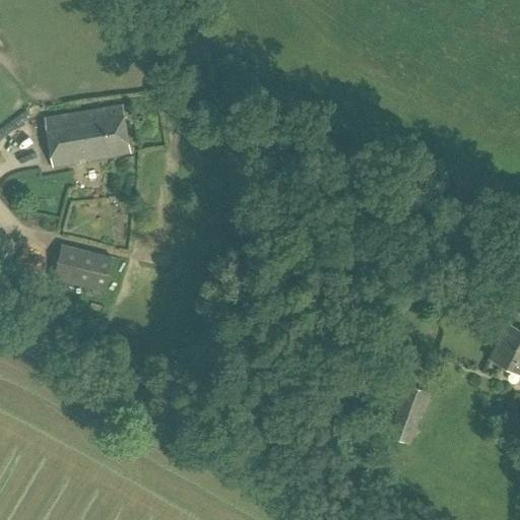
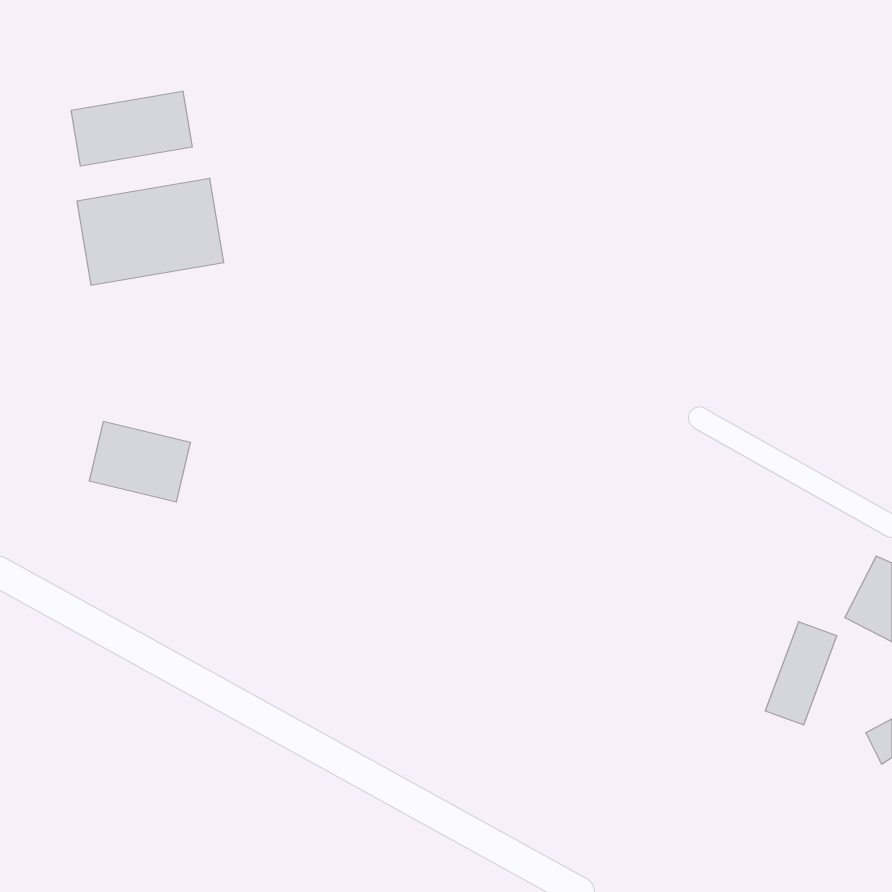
building: none -> [71,91,192,166]
building: [388,384,430,444] -> [765,622,837,725]

